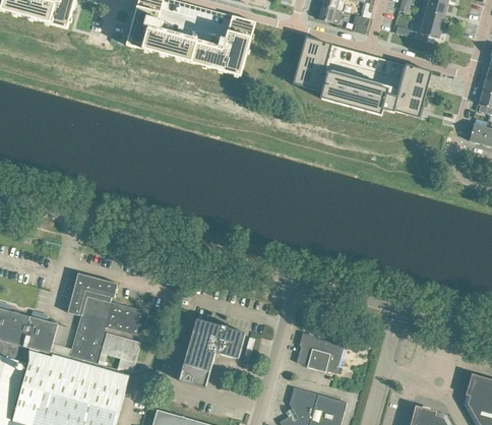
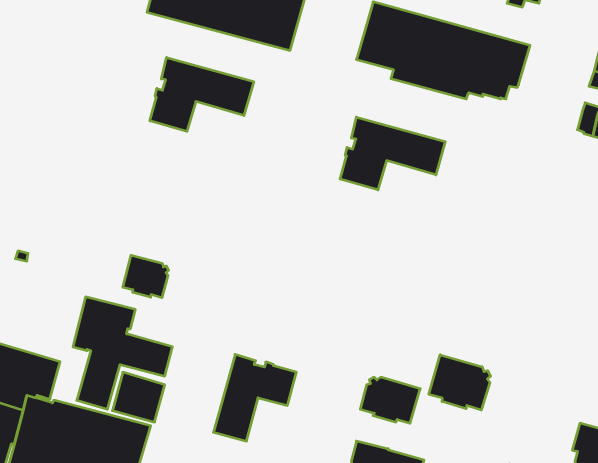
building: none -> [150,57,254,131]
building: none -> [340,117,445,190]
building: none -> [123,255,169,298]
building: none -> [429,355,491,410]

